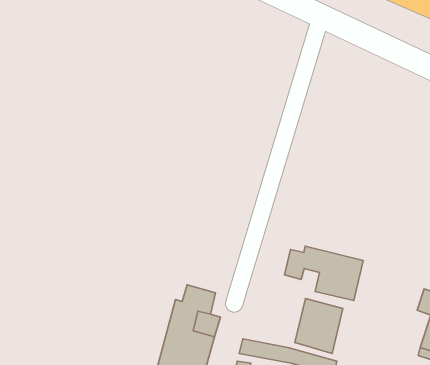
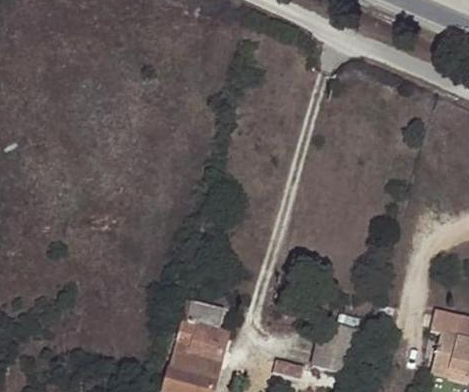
building: [285,246,363,301] -> none

